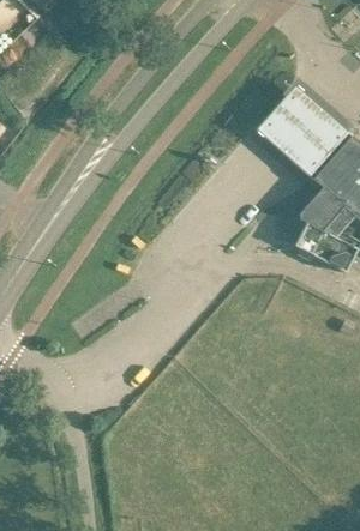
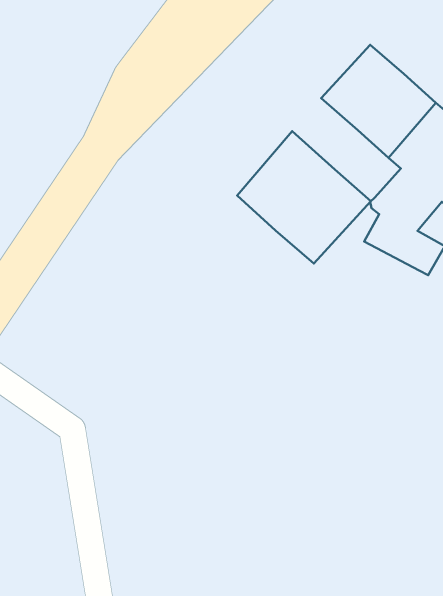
building: none -> [237,131,371,264]

